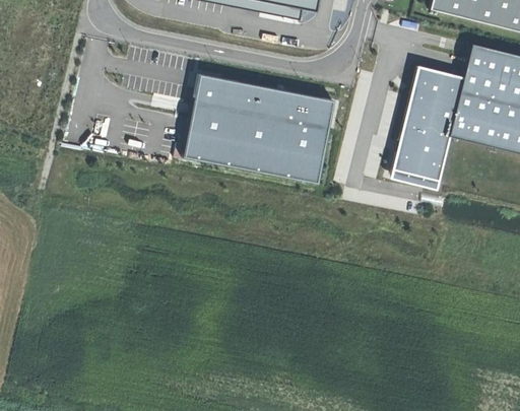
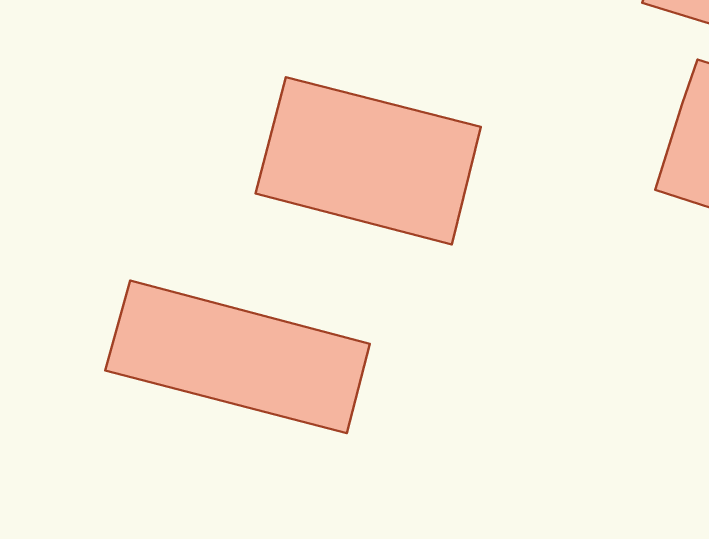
building: [393,66,466,182] -> none
building: none -> [105,281,370,433]

